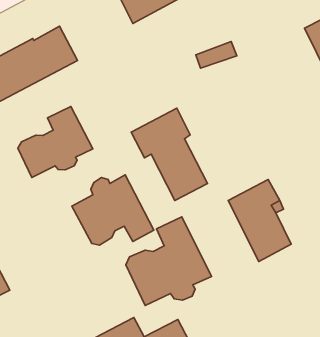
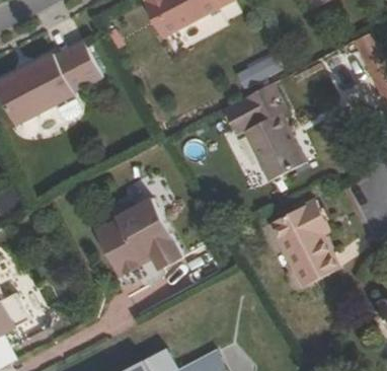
building: [18,106,93,177] -> none
building: [131,108,207,201] -> [220,83,301,181]
building: [126,217,212,306] -> none

